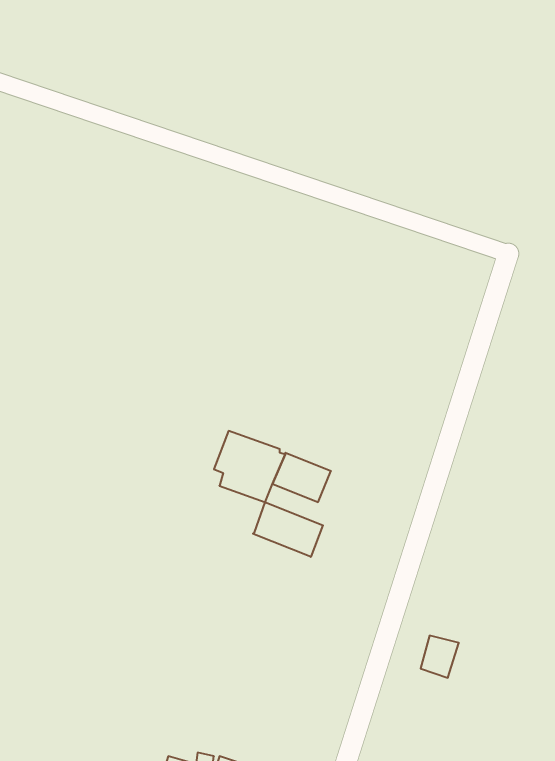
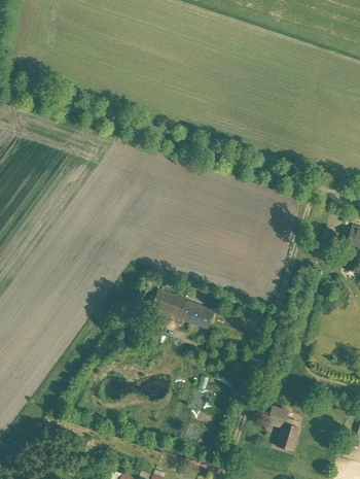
building: [253,502,323,557] -> none
building: none -> [276,421,300,450]

